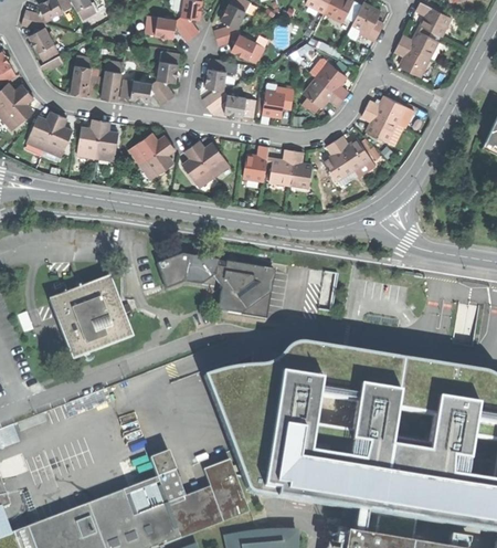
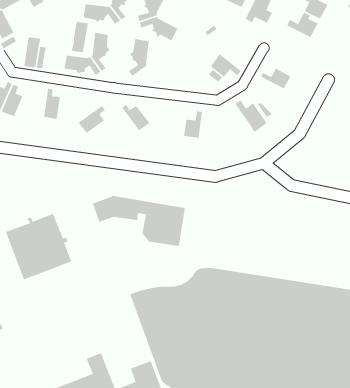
building: [394,43,429,76] -> none
building: [309,57,348,99] -> none
building: [101,61,123,101] -> [71,21,89,53]
building: [262,87,294,116] -> none
building: [205,93,254,118] -> none
building: [361,107,395,141] -> none
building: [76,119,101,157] -> none
building: [127,131,169,164] -> none
building: [322,140,353,180] -> none
building: [181,145,214,187] -> none
building: [242,145,268,180] -> none
building: [289,149,311,187] -> none

